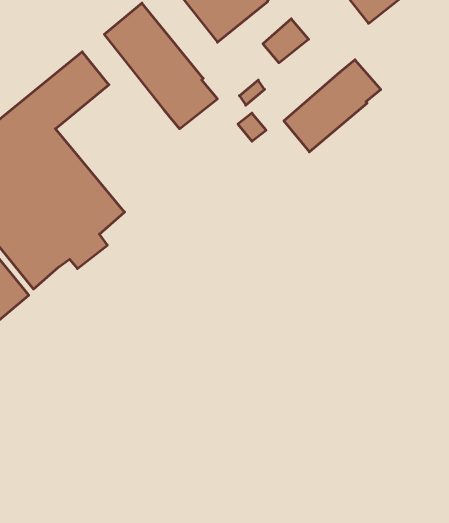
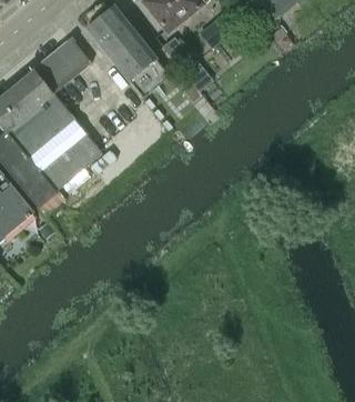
building: [284,60,381,152] -> none

